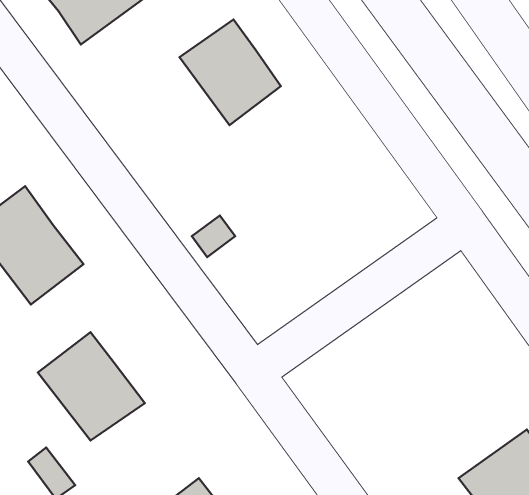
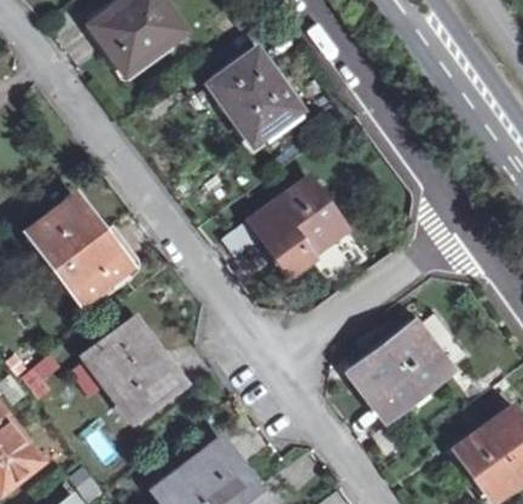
building: none -> [251,180,344,273]
building: none -> [351,315,466,419]

